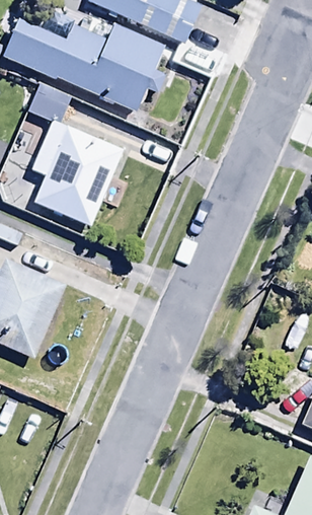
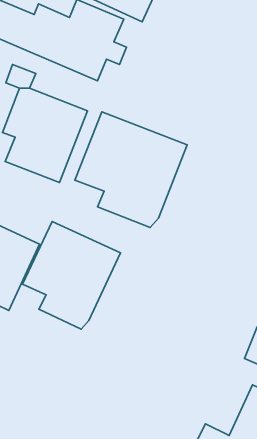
building: none -> [75,112,187,227]
building: none -> [22,221,120,329]

